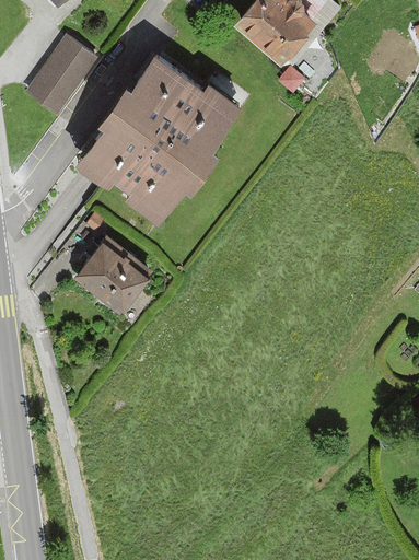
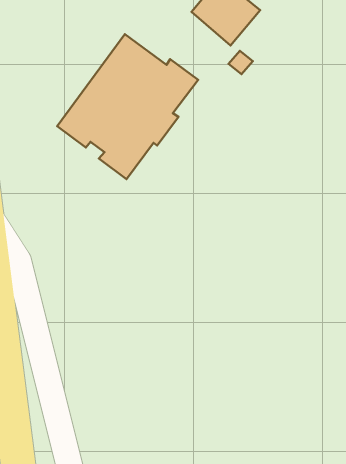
building: [25,39,96,118] -> none
building: [75,240,151,314] -> none

